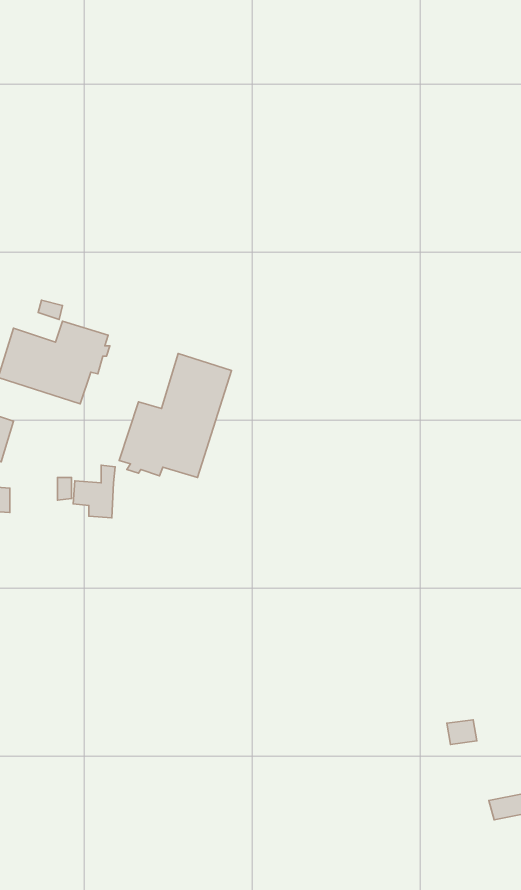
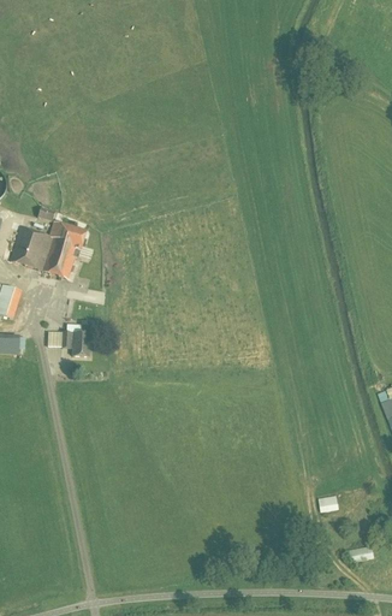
building: [119,354,232,477] -> none

